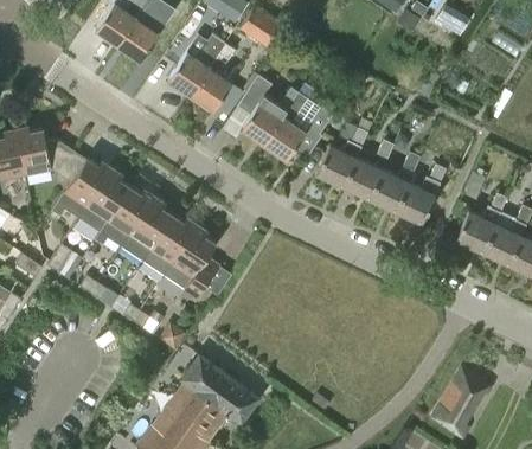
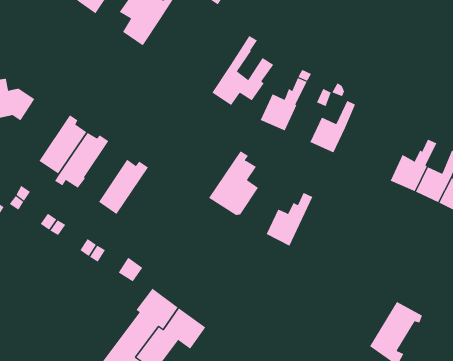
building: [191,66,232,110] -> none
building: [236,73,297,145] -> none
building: [51,152,111,218] -> none
building: [344,158,383,198] -> none
building: [396,165,447,223] -> [266,192,313,246]
building: [121,197,173,262] -> none
building: [162,225,217,295] -> [208,150,259,215]

